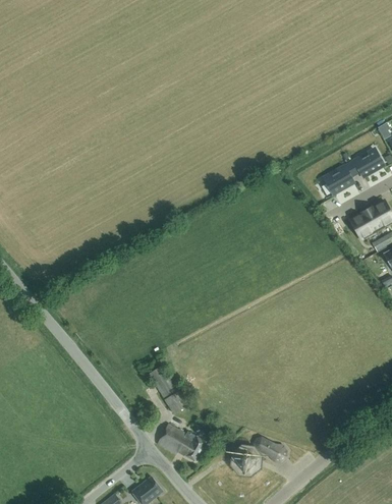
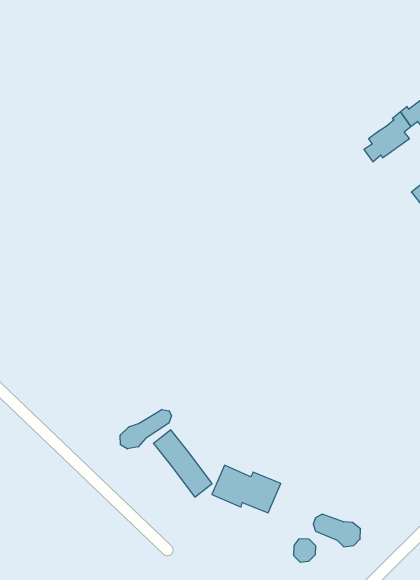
building: none -> [120,409,171,449]
building: [158,424,207,460] -> [212,465,281,513]

